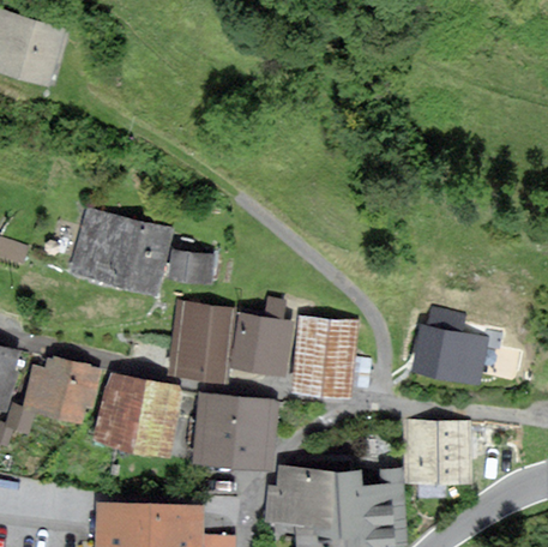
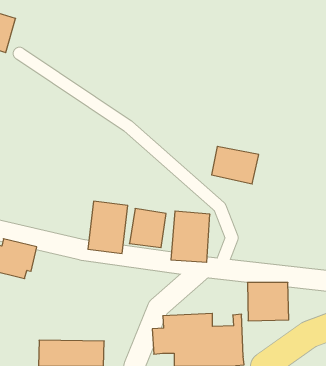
building: [74,210,170,289] -> none
building: [169,250,216,282] -> none
building: [416,326,486,381] -> [212,146,259,184]
building: [95,372,179,456] -> none
building: [197,396,275,464] -> none

